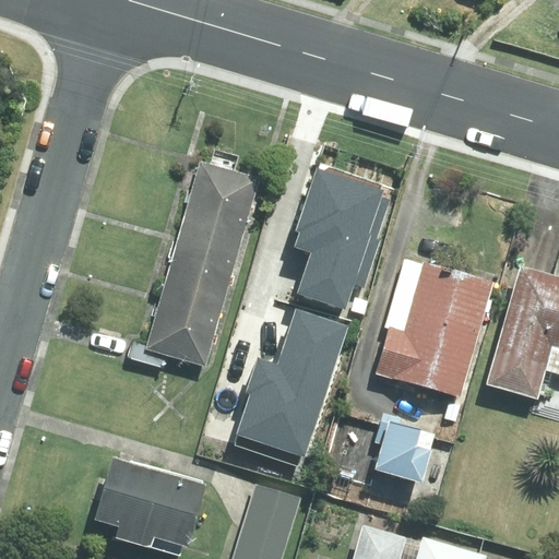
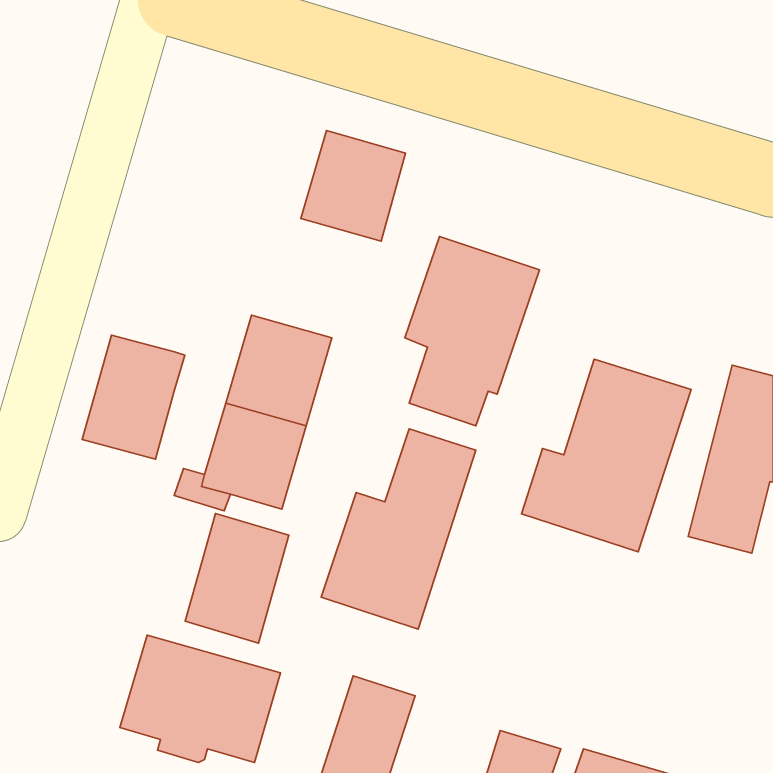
building: [181,165,257,245] -> [301,131,405,241]
building: none -> [82,335,185,459]
building: none -> [185,513,289,643]
building: [377,421,438,483] -> none

